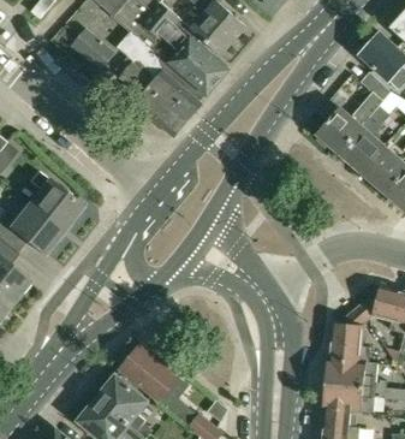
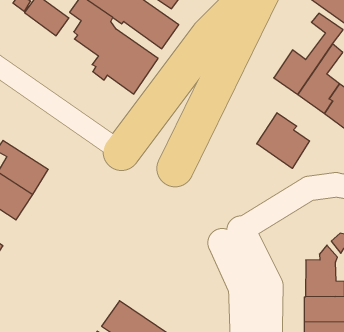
building: none -> [257,113,310,168]

